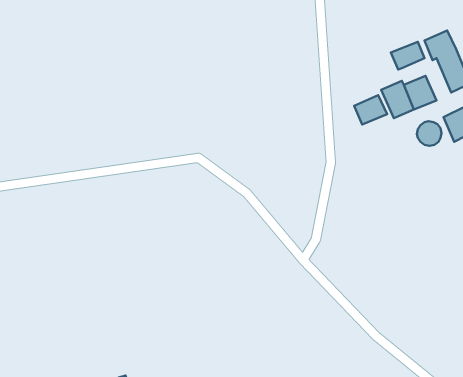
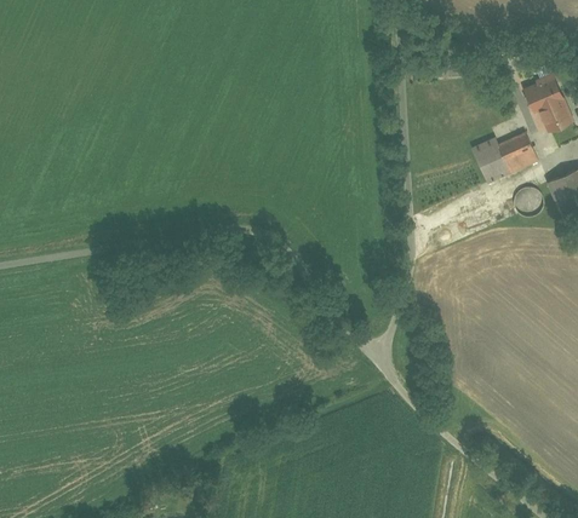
building: [391,42,425,69] -> none
building: [354,95,387,125] -> none

